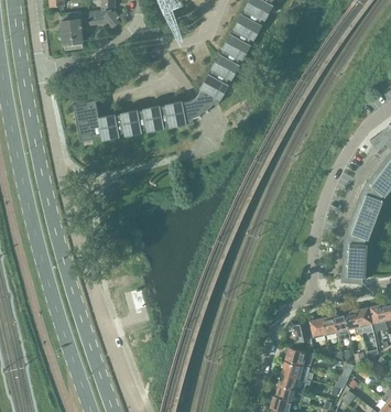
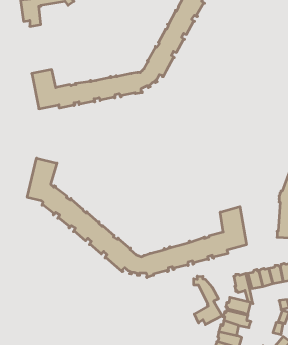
building: none -> [27,158,246,278]
building: none -> [194,276,222,325]

